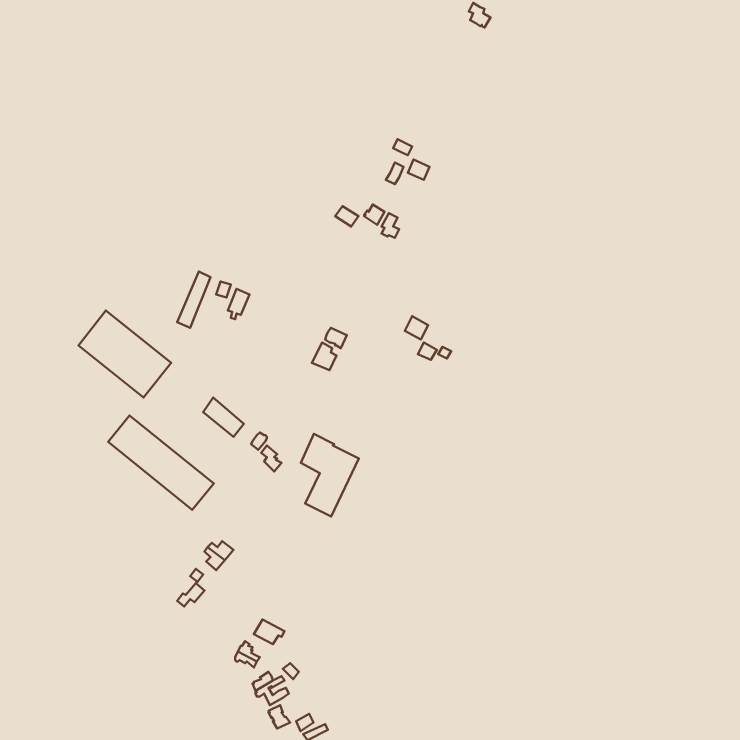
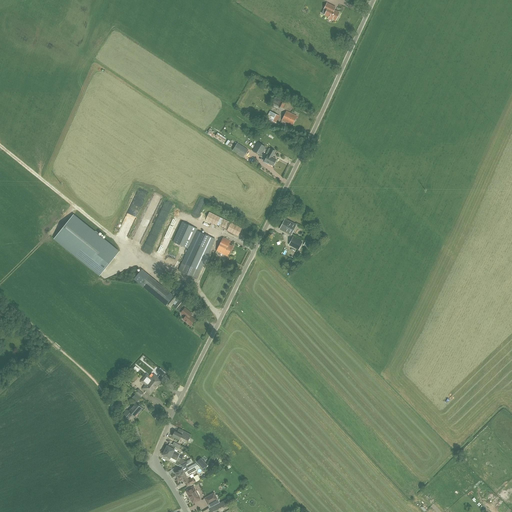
building: [108,416,214,510] -> none
building: [301,434,359,517] -> [174,221,214,278]

